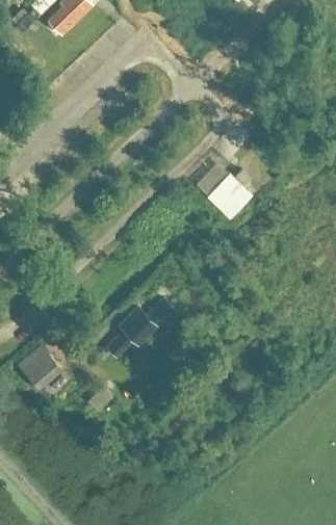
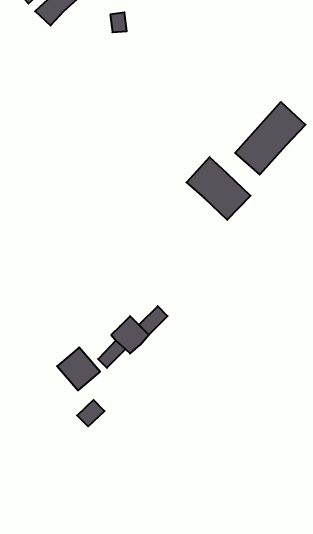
building: none -> [235,102,306,175]
building: [20,349,60,390] -> [57,347,100,390]

